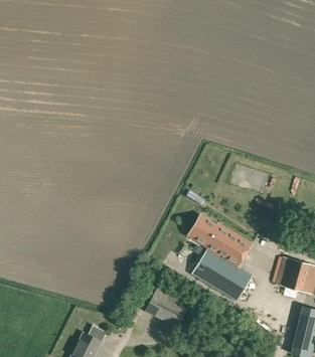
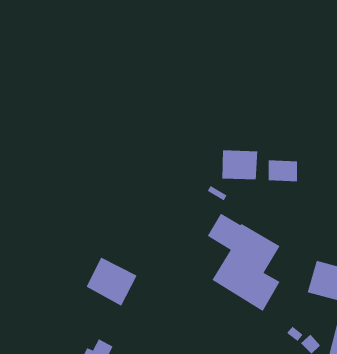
building: none -> [222,149,258,180]
building: [145,285,190,328] -> [86,257,138,306]

